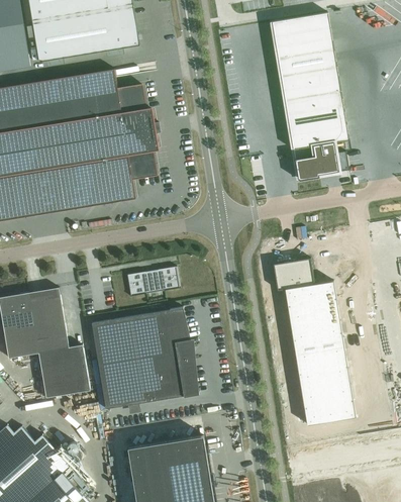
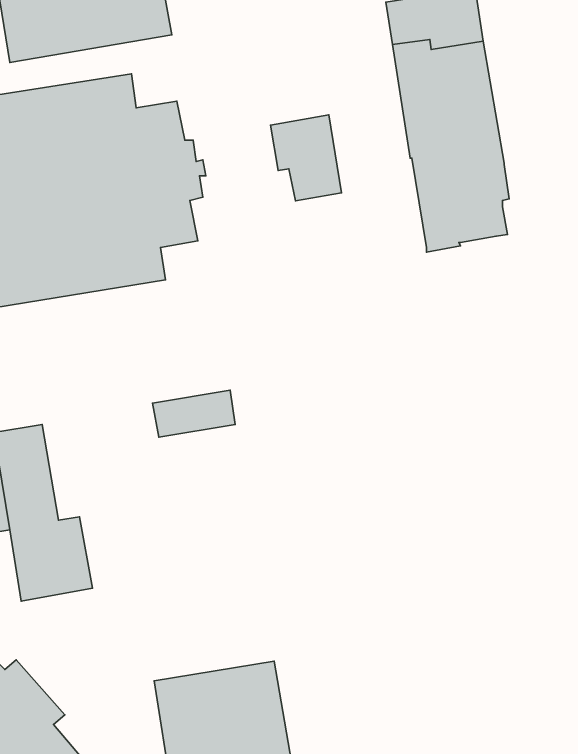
building: none -> [270,115,342,201]
building: [272,257,355,424] -> none
building: [91,307,196,407] -> none

